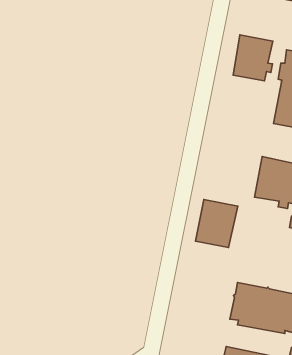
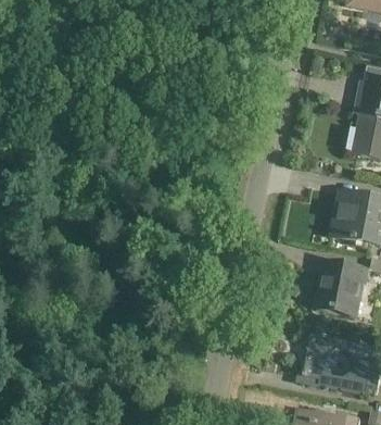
building: [233,35,273,81] -> none
building: [195,199,238,248] -> [316,260,365,315]

